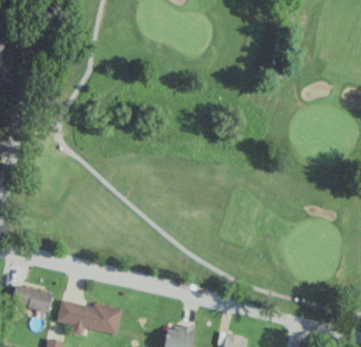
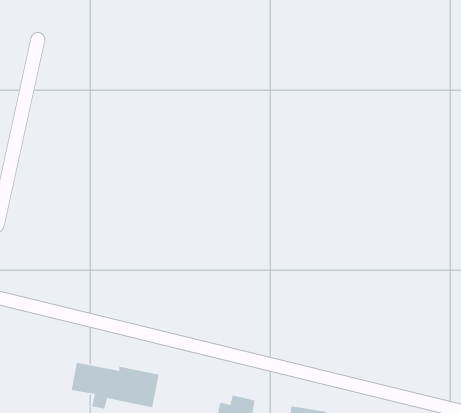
building: [12,285,54,312] -> none

